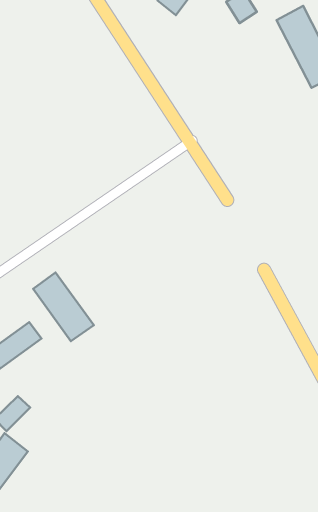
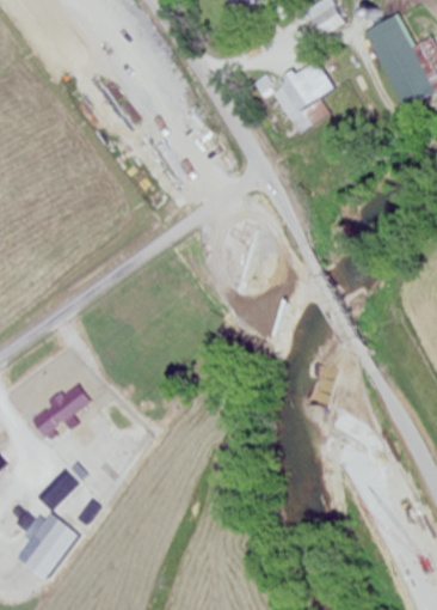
building: none -> [271,57,334,133]
building: [33,273,94,341] -> none

